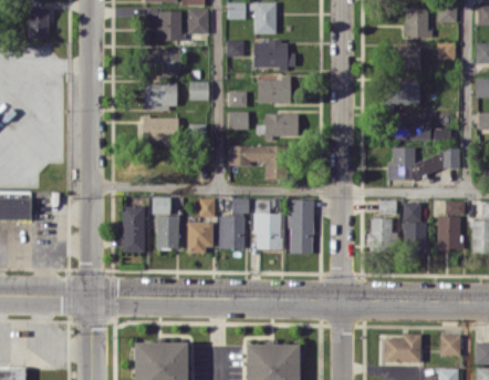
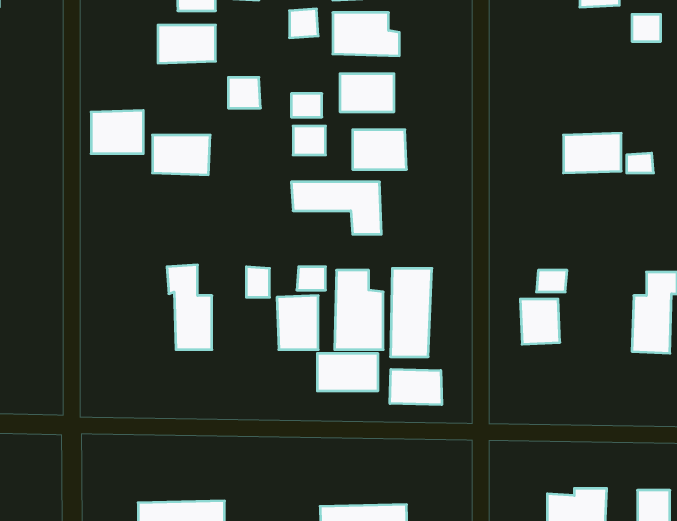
building: [391,47,422,69] -> none
building: [388,81,420,104] -> none
building: [145,82,177,109] -> [91,110,143,154]
building: [387,147,459,174] -> none
building: [403,202,427,255] -> none
building: [123,205,145,251] -> none
building: [187,222,214,250] -> none
building: none -> [317,353,378,391]
building: none -> [390,369,442,405]

